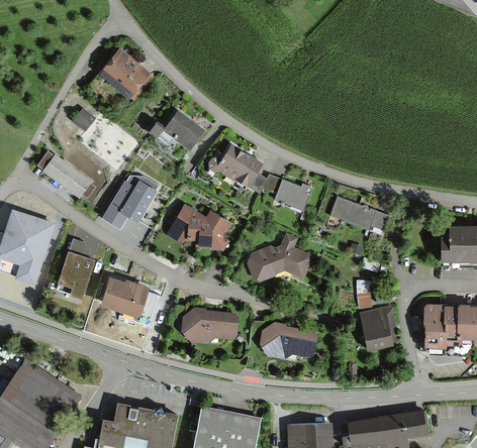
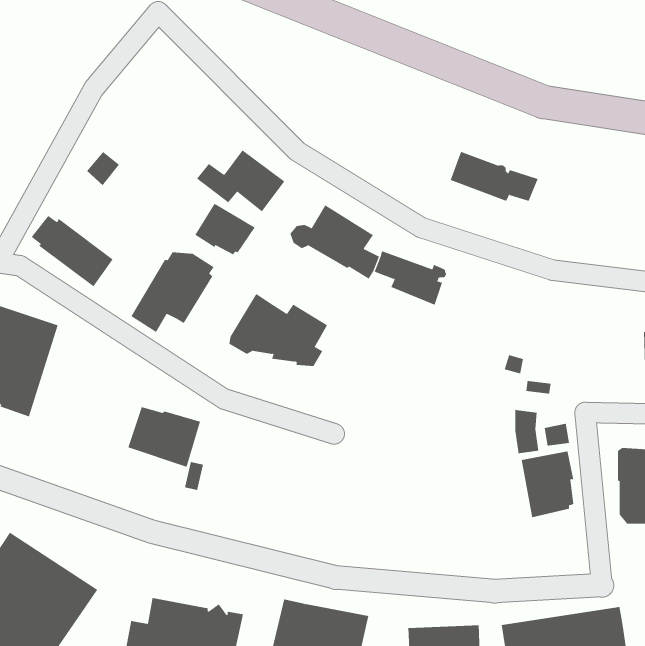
building: [99,48,155,101] -> none
building: none -> [194,203,255,255]
building: [331,197,390,230] -> [450,151,539,202]
building: [248,233,313,283] -> none
building: [57,237,95,295] -> none
building: [181,307,239,344] -> none
building: [259,322,317,359] -> none

